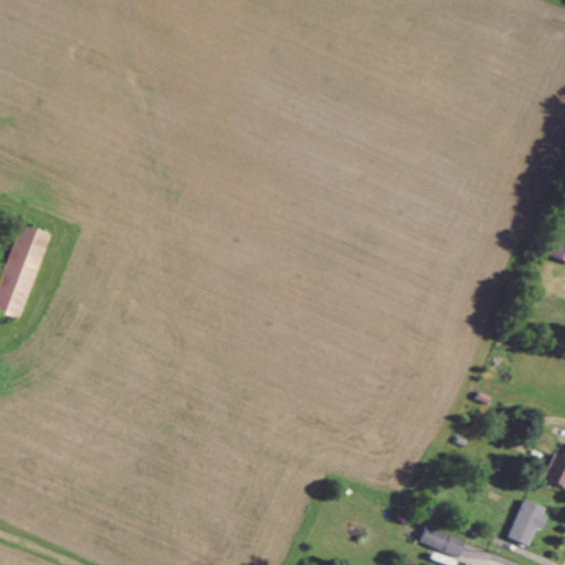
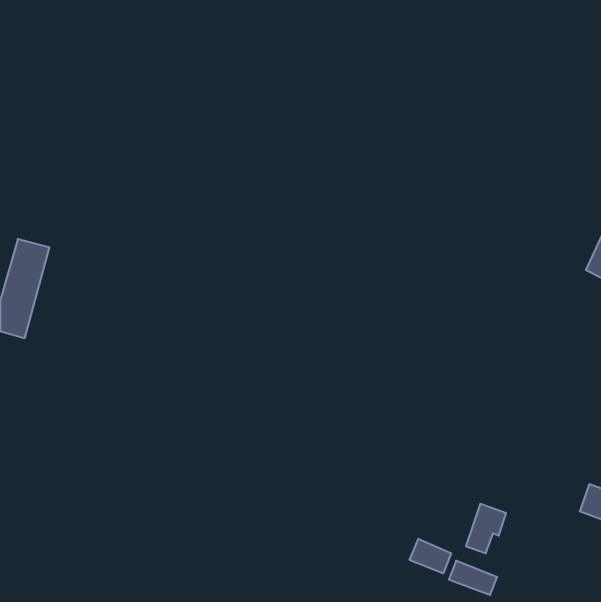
building: [511,499,548,545] -> [466,504,506,553]
building: none -> [410,539,451,573]

